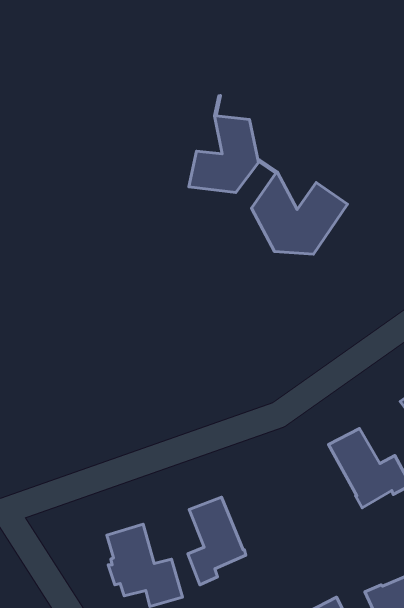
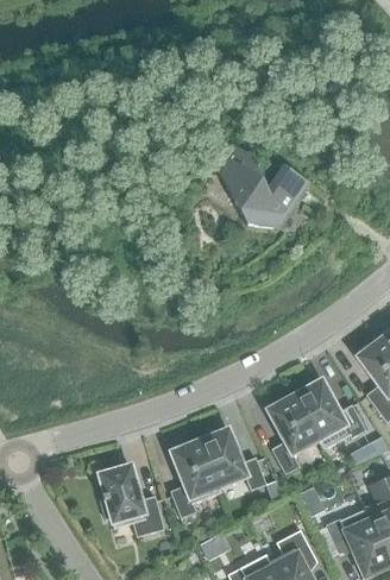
building: [189,96,258,193] -> none
building: none -> [268,393,319,473]
building: none -> [200,428,266,488]

